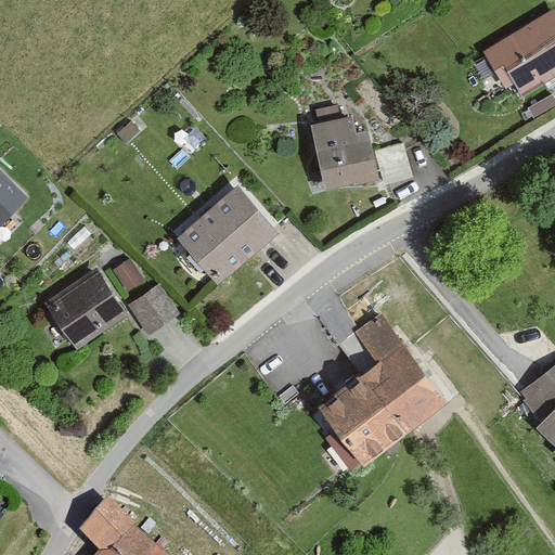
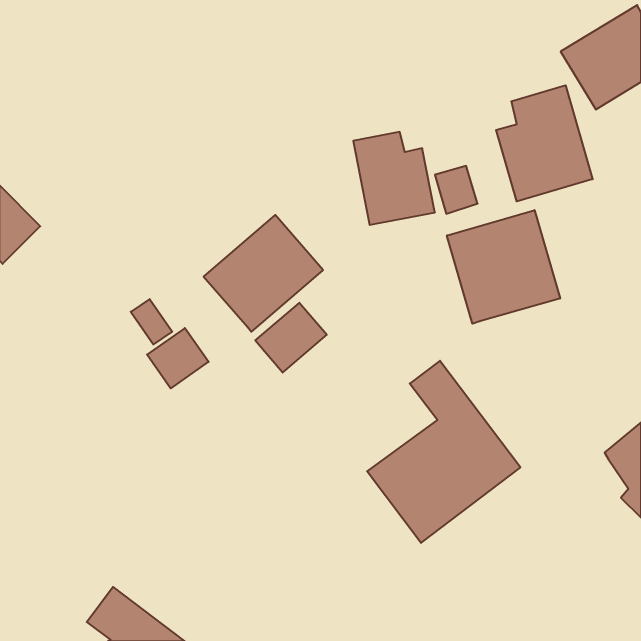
building: none -> [496,85,593,201]
building: none -> [447,210,560,324]
building: none -> [255,303,327,373]
building: [40,264,126,350] -> none

